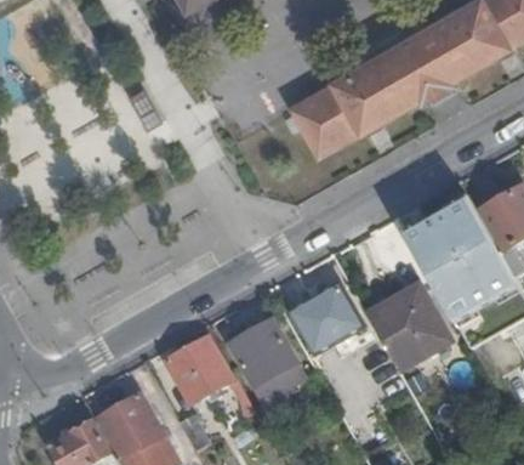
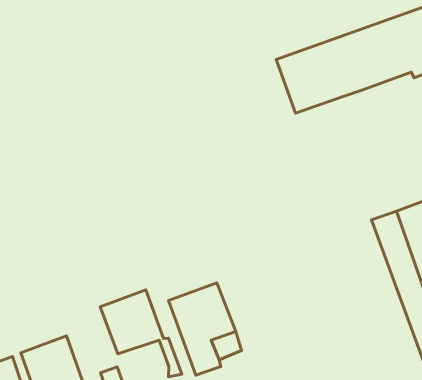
building: [291,284,364,355] -> none
building: [371,290,445,365] -> none

